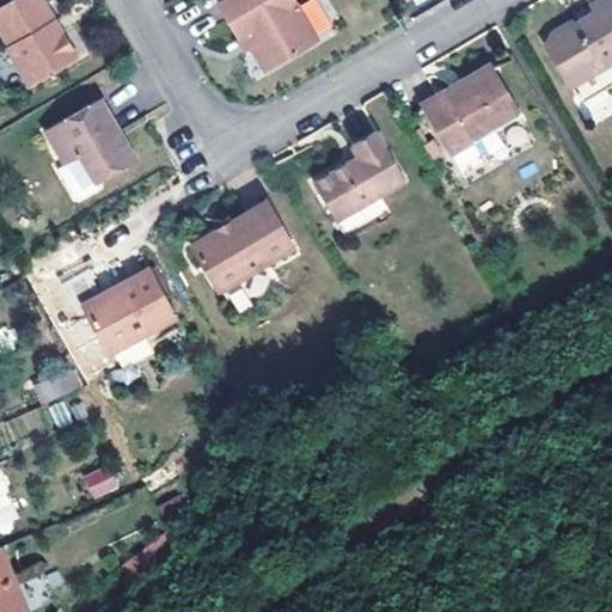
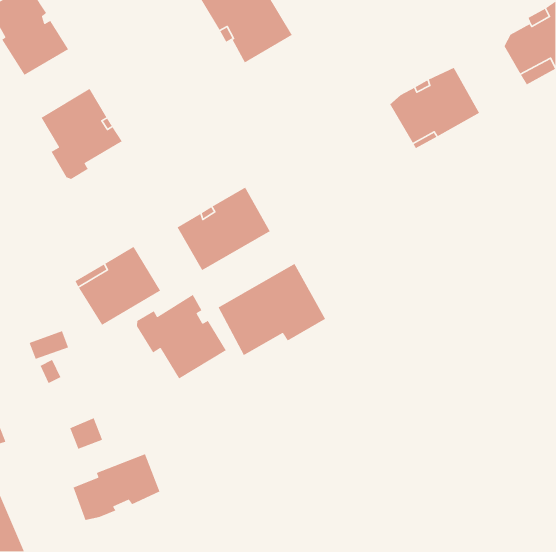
building: [311,129,404,219] -> none
building: none -> [217,263,326,356]
building: none -> [136,294,227,379]
building: none -> [72,453,160,521]

